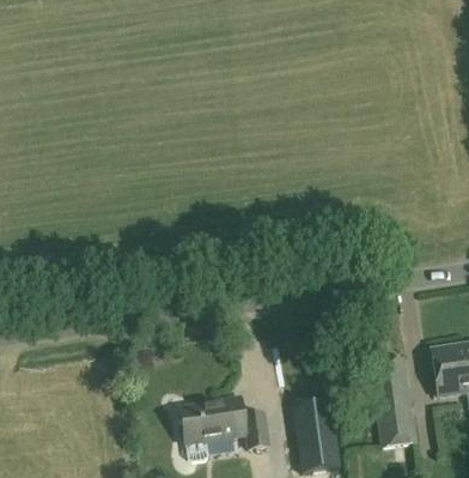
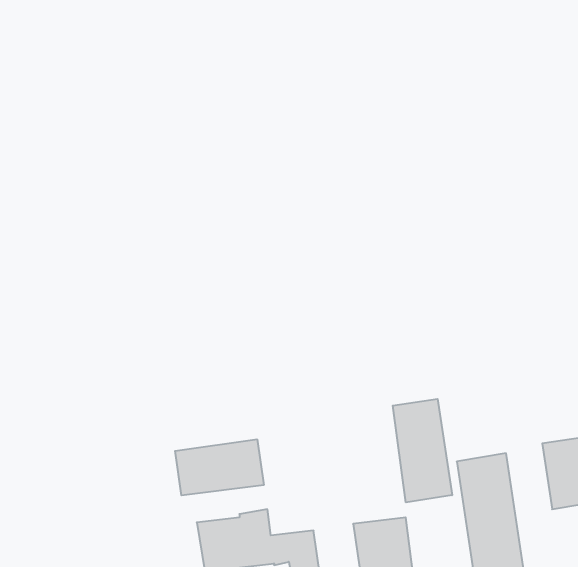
building: none -> [393,399,452,502]
building: none -> [175,439,264,495]

